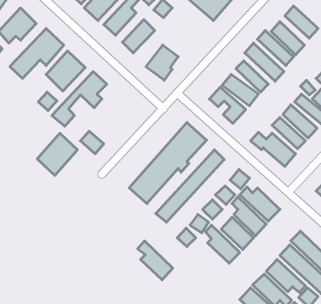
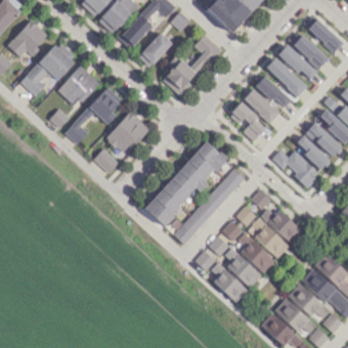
building: none -> [191,34,221,73]
building: [37,133,77,175] -> [106,112,148,156]
building: [138,241,173,280] -> [211,262,248,303]

